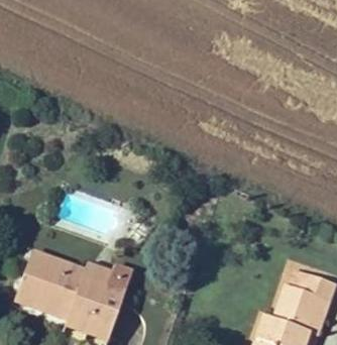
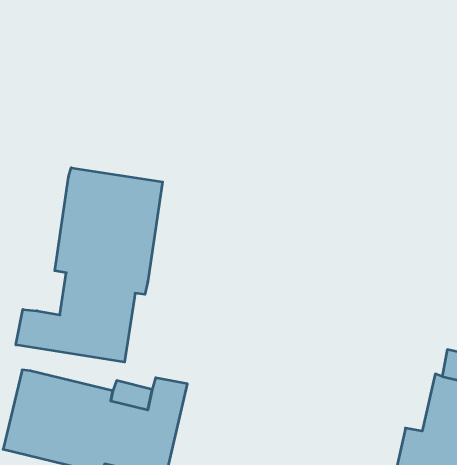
building: none -> [16,168,163,362]

